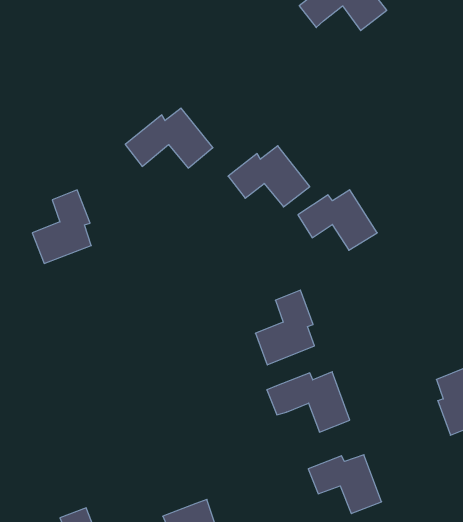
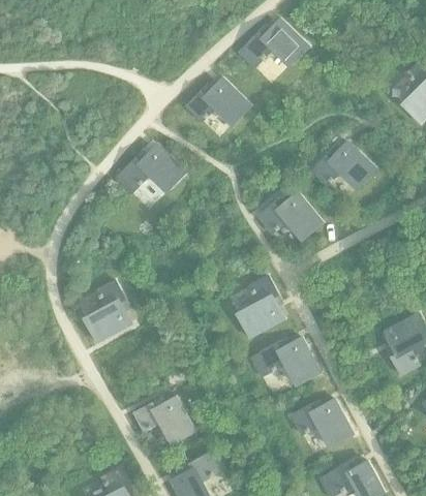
building: none -> [311,142,375,188]
building: [228,146,310,207] -> [186,78,251,125]
building: [32,190,91,263] -> [84,281,131,342]
building: none -> [133,396,195,444]

